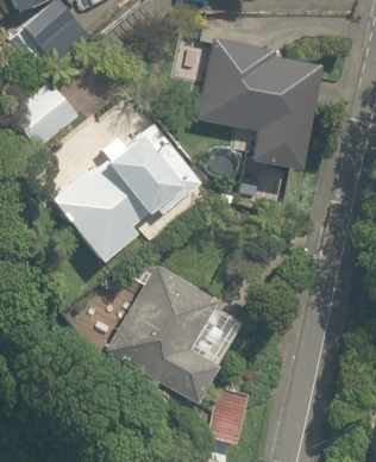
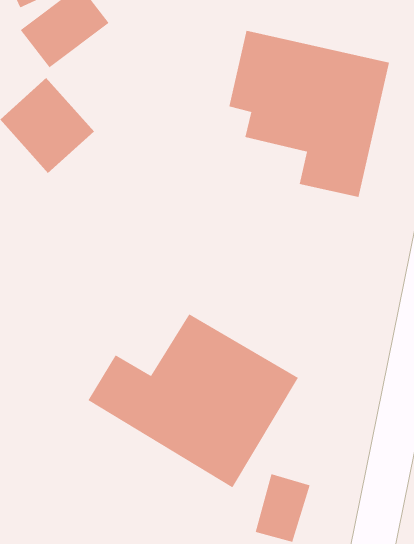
building: [50,116,211,269] -> none

